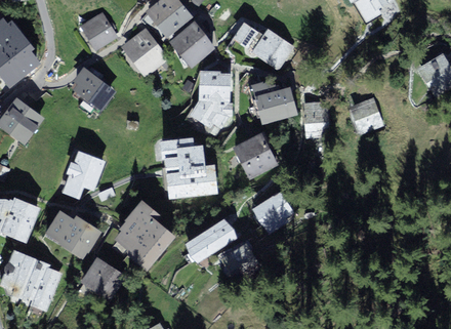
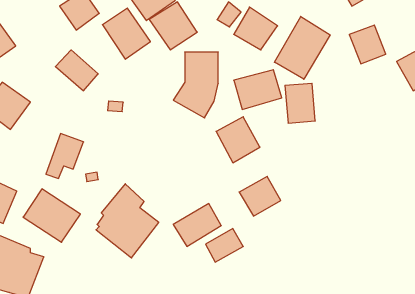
building: none -> [274,16,330,79]
building: [350,96,385,134] -> [349,25,386,64]
building: [158,137,216,201] -> none
building: [81,256,125,299] -> none

